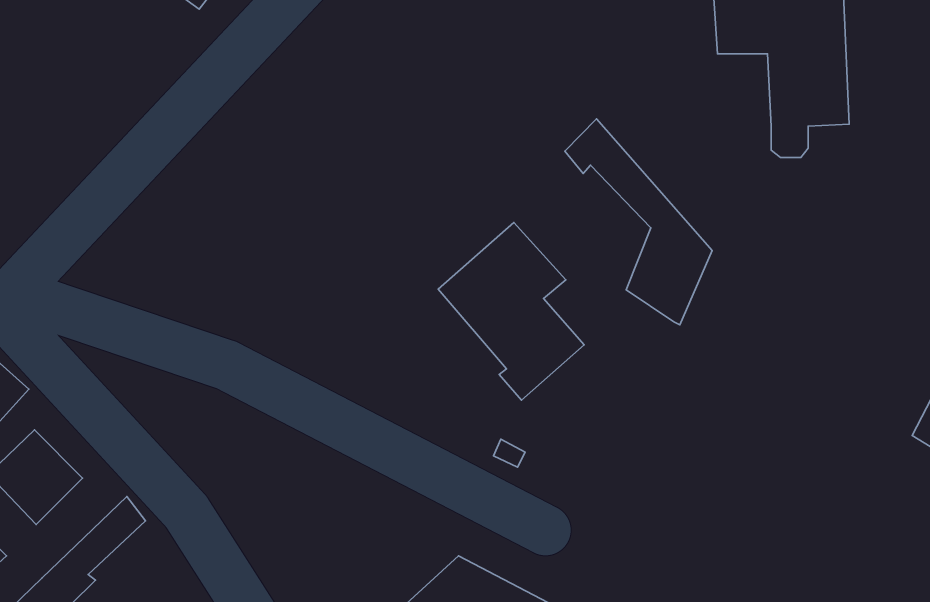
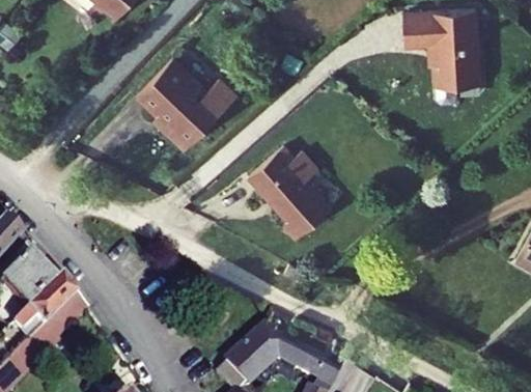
building: none -> [138,58,239,149]
building: [565,119,712,325] -> none
building: none -> [11,276,75,339]

